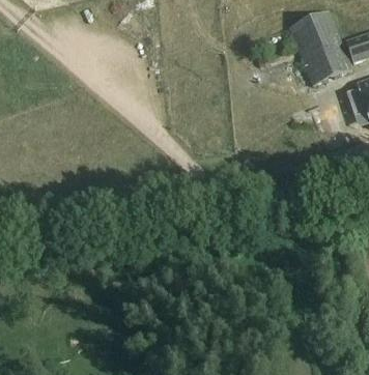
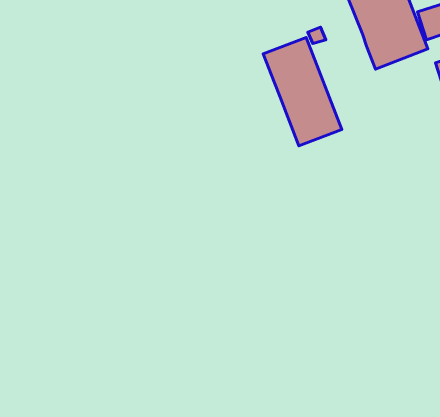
building: none -> [263,37,342,146]

